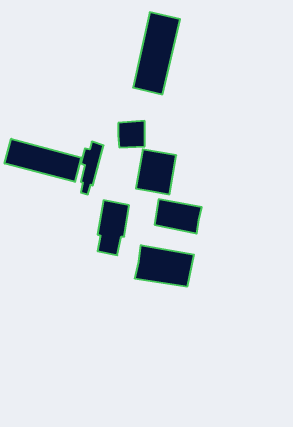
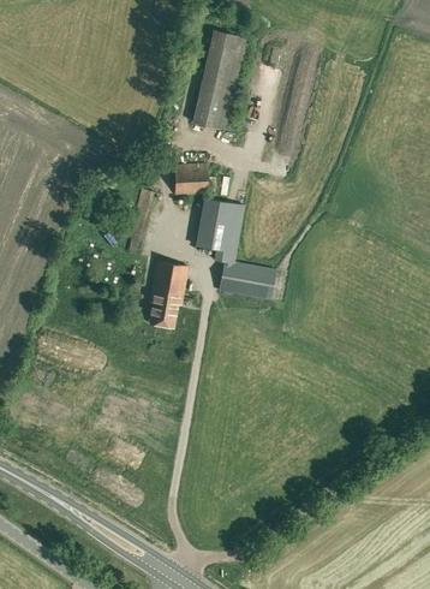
building: [5,139,81,182] -> none
building: [135,245,194,287] -> none

